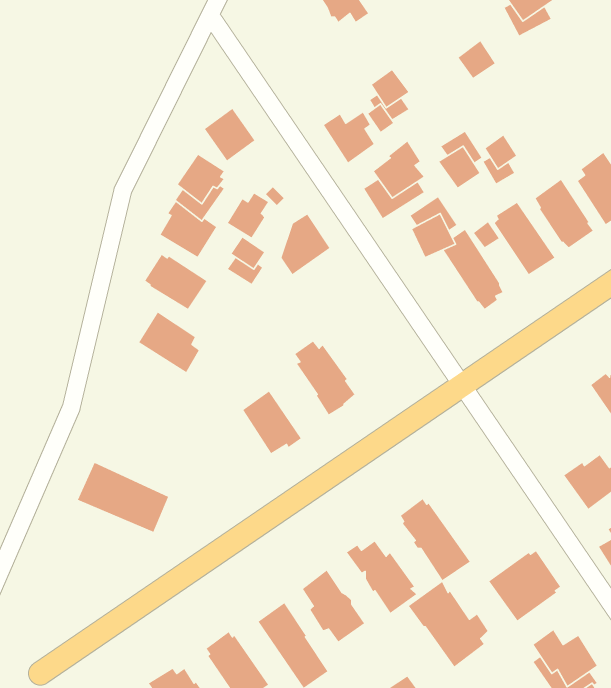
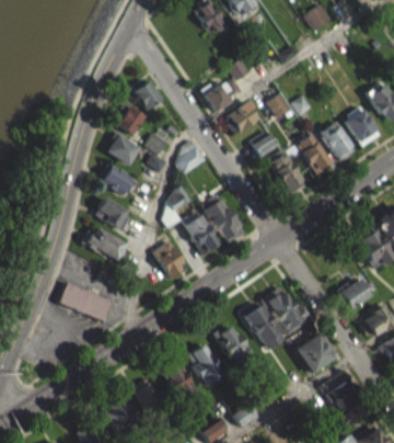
building: none -> [164,185,192,228]
building: none -> [204,194,241,240]
building: none -> [83,226,132,264]
building: [408,581,489,667] -> [262,286,308,336]

